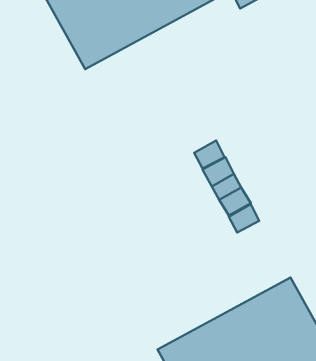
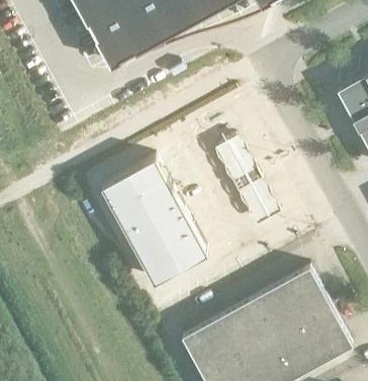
building: none -> [103,160,208,284]

